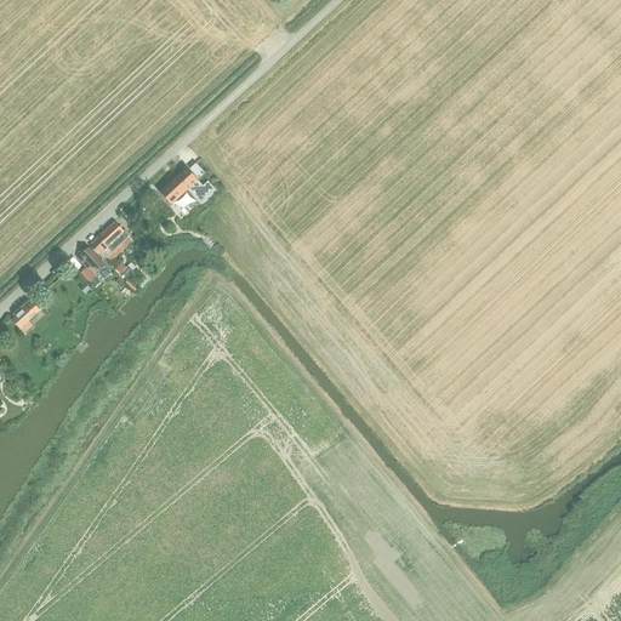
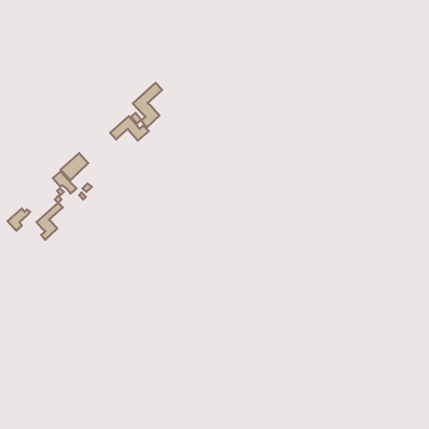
building: none -> [133,83,162,128]
building: none -> [37,203,63,240]

